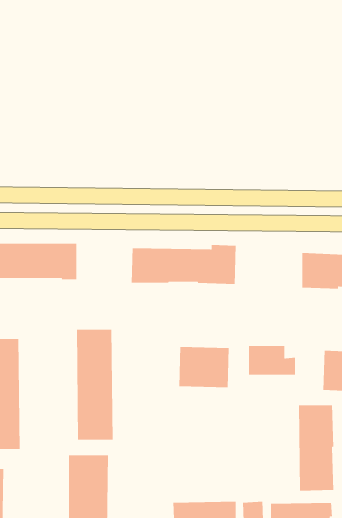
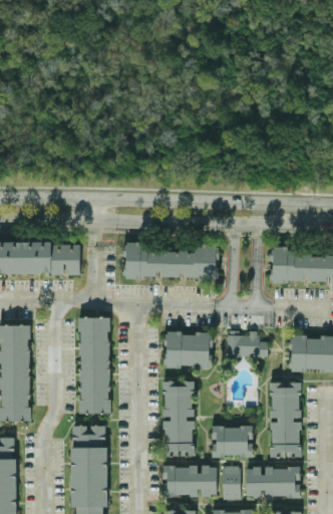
building: none -> [162,380,195,457]
building: none -> [211,426,253,457]

